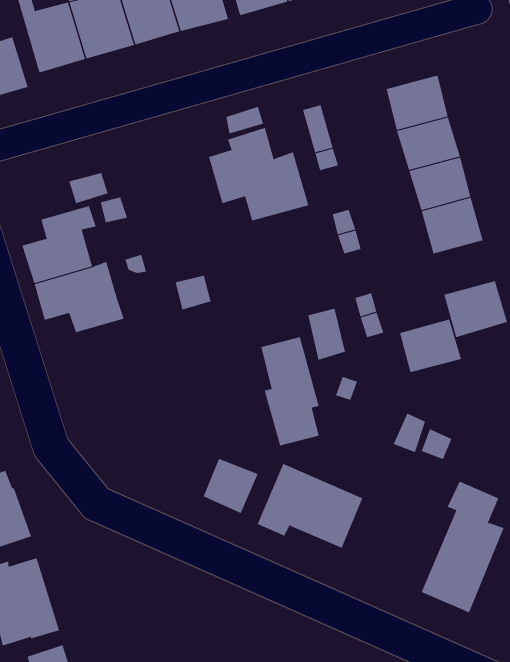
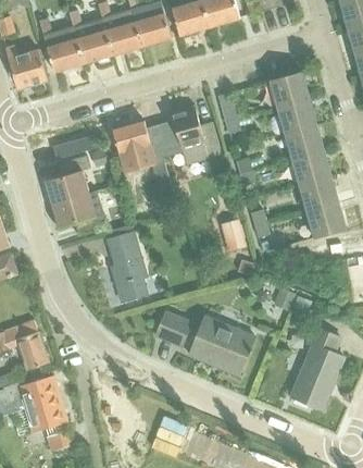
building: none -> [112,121,167,171]
building: [399,319,462,373] -> [299,176,338,210]
building: [260,336,320,446] -> [109,232,146,300]

